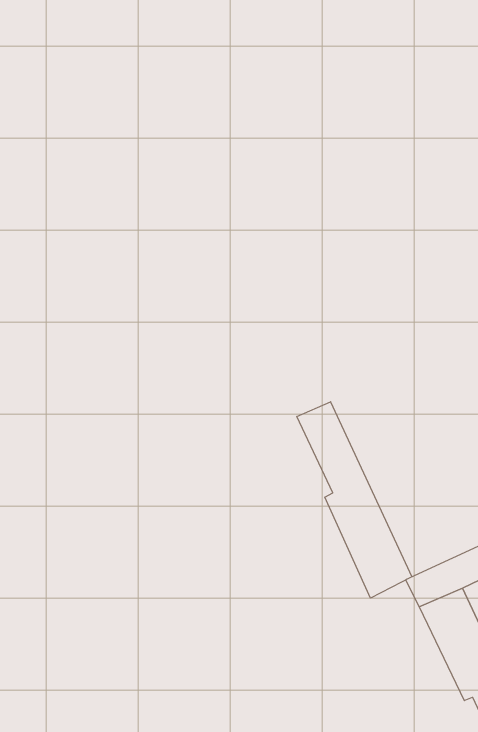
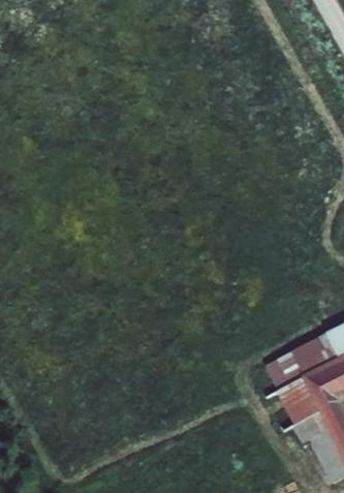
building: [297,402,412,598] -> none

